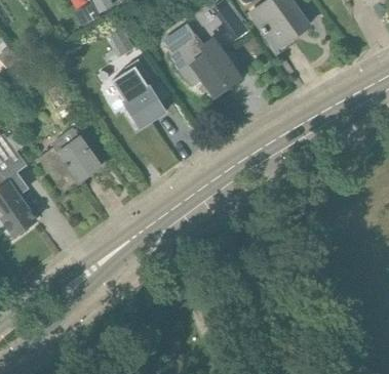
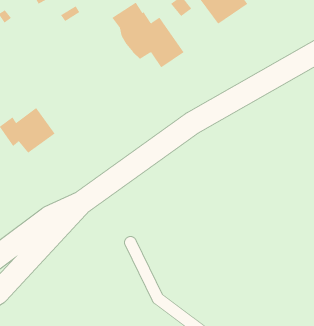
building: [106,47,166,128] -> none

